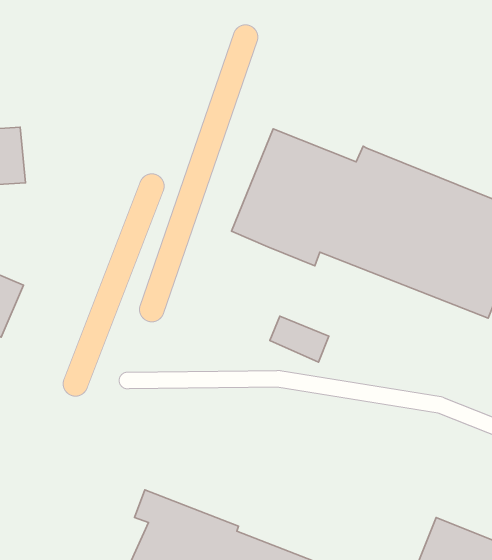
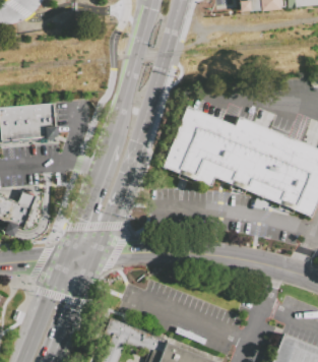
building: none -> [39,105,57,138]
building: [270,316,329,362] -> none

